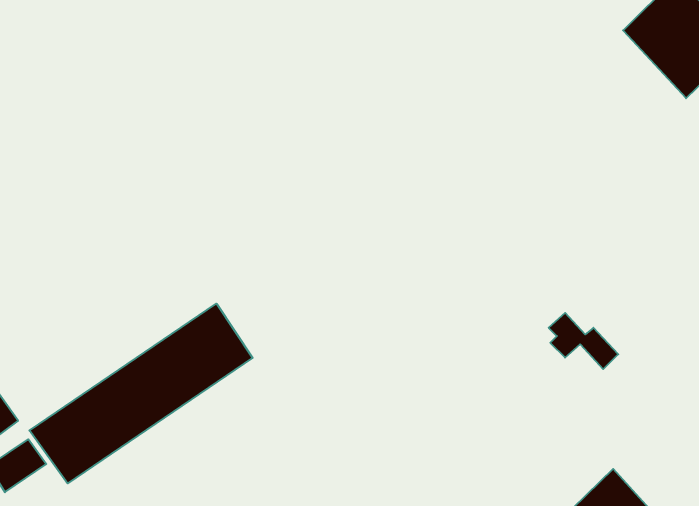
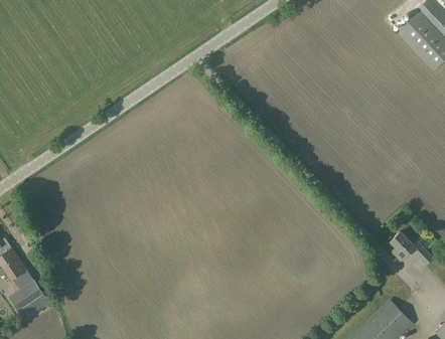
building: [29,304,253,483] -> none
building: [549,313,618,369] -> [392,232,434,267]

